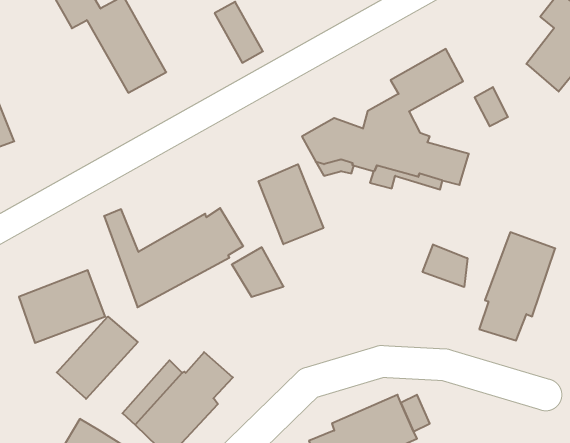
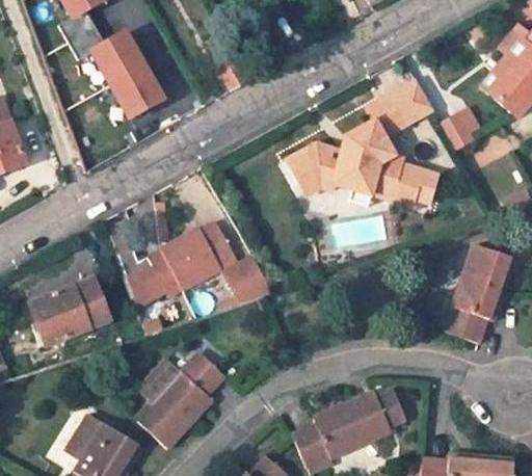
building: [259,164,323,244] -> none
building: [423,244,467,287] -> none
building: [57,317,138,399] -> none

